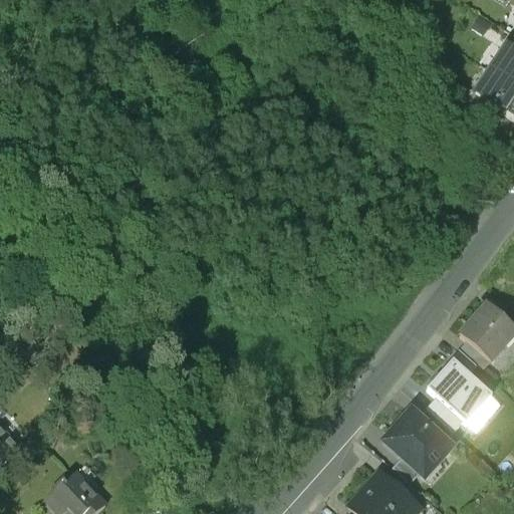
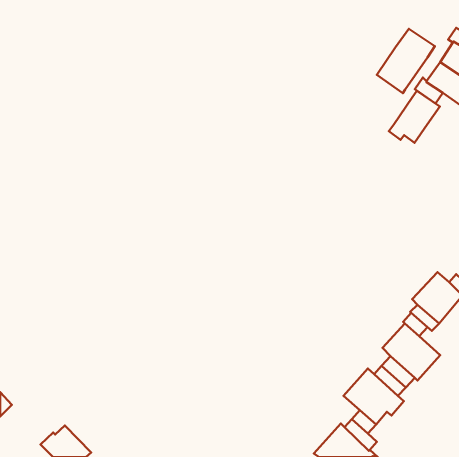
building: none -> [377,29,435,93]
building: none -> [389,91,440,143]

